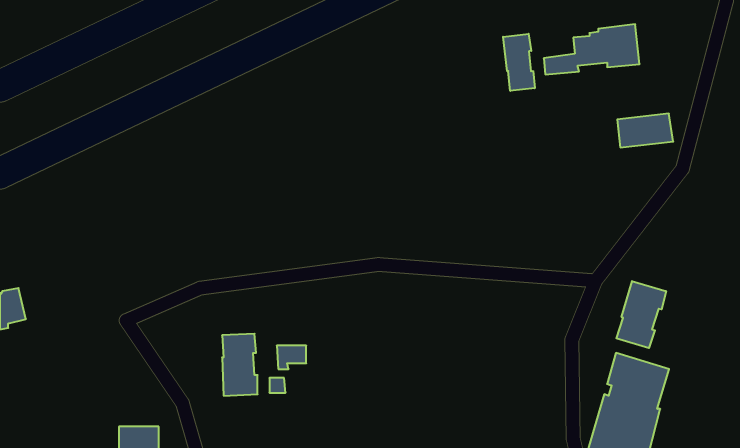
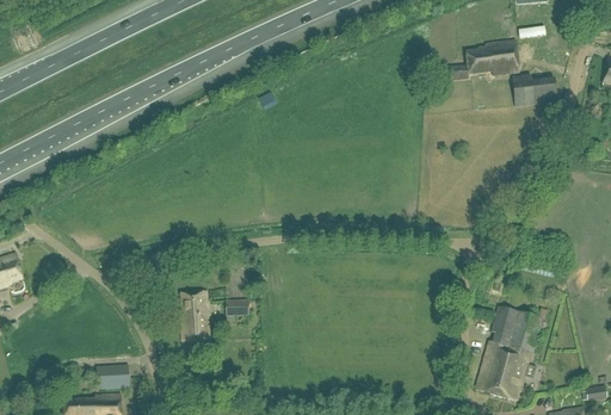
building: [503,34,535,91] -> none
building: [617,114,673,147] -> [512,79,557,106]
building: [616,281,666,348] -> none

